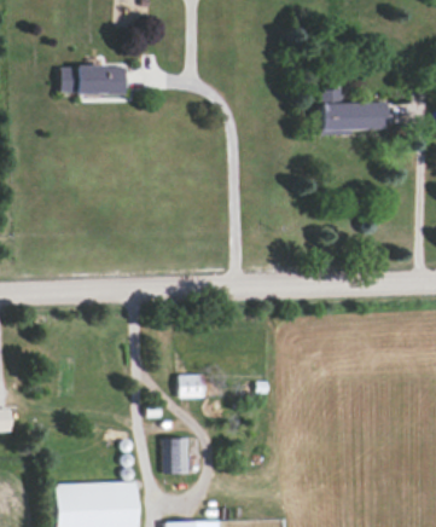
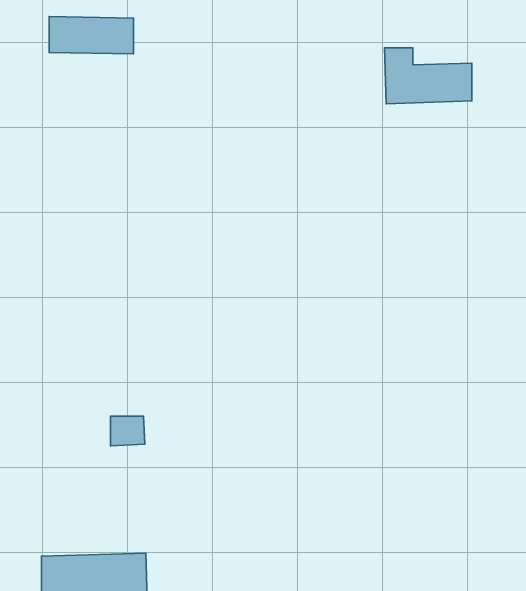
building: [180,375,207,398] -> [111,416,145,446]
building: [164,438,191,474] -> none

